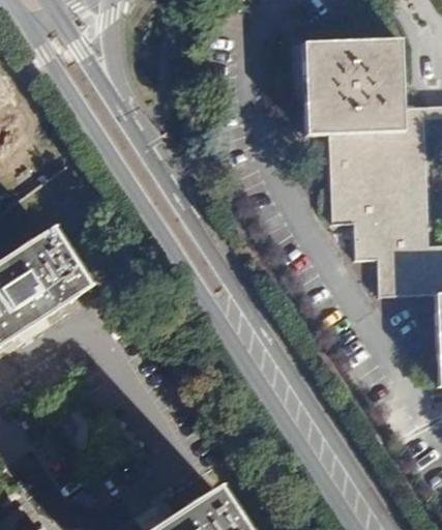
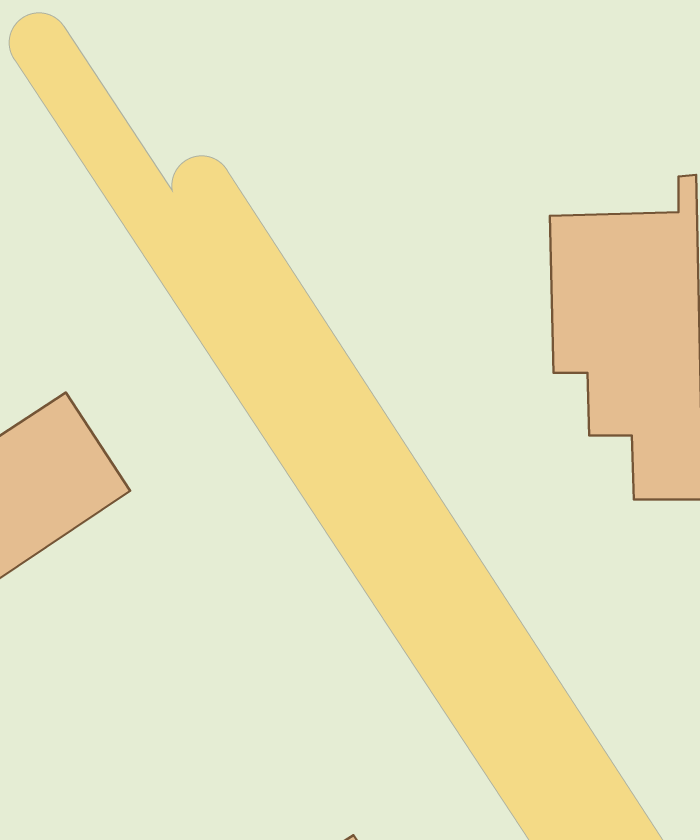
building: [305,36,405,130] -> none

